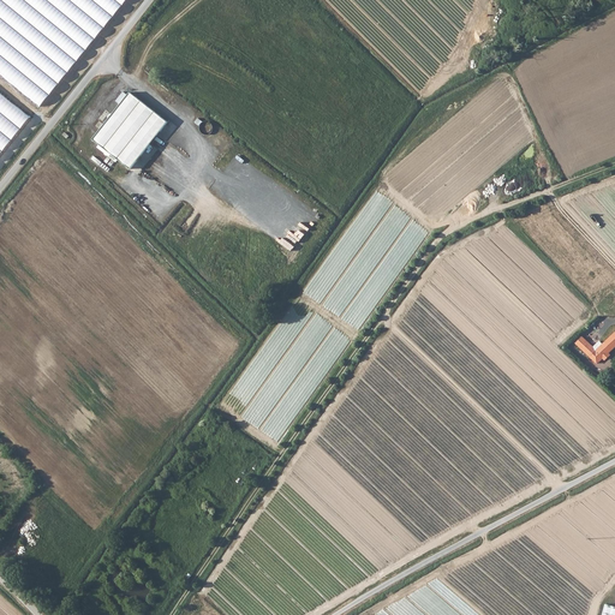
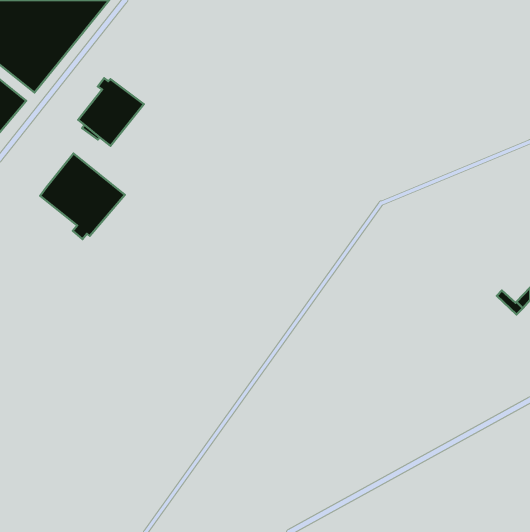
building: none -> [40,154,125,239]

